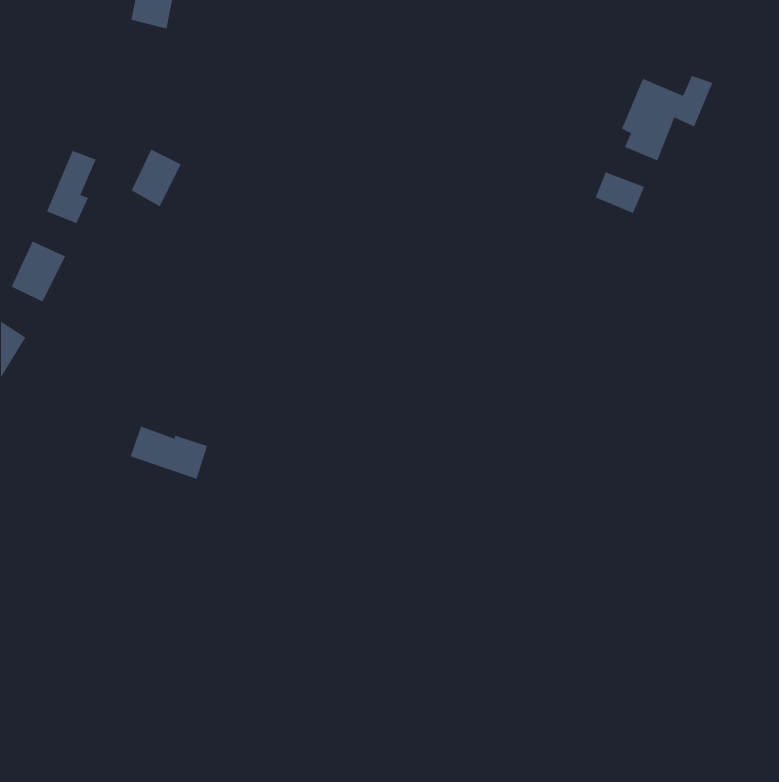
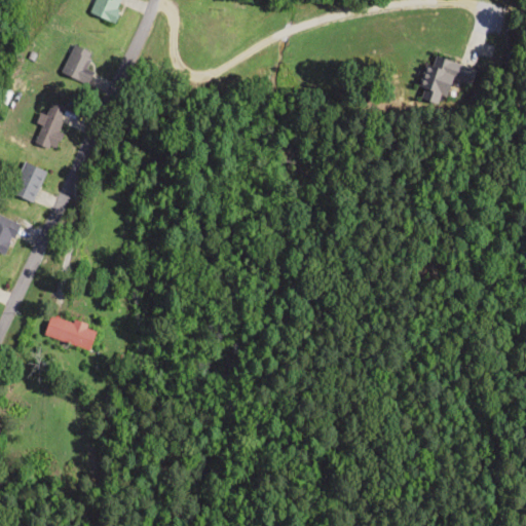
building: [131,149,181,207] -> [62,43,96,82]
building: [595,171,645,214] -> none
building: [130,426,208,479] -> [42,314,95,350]

